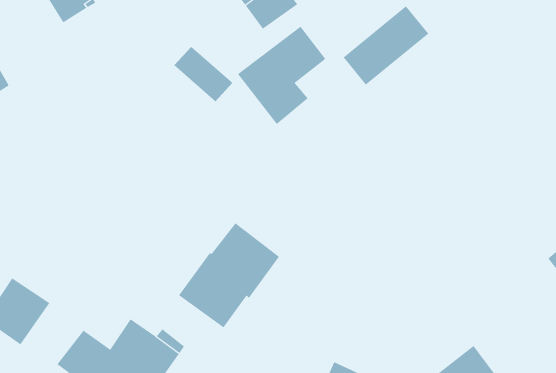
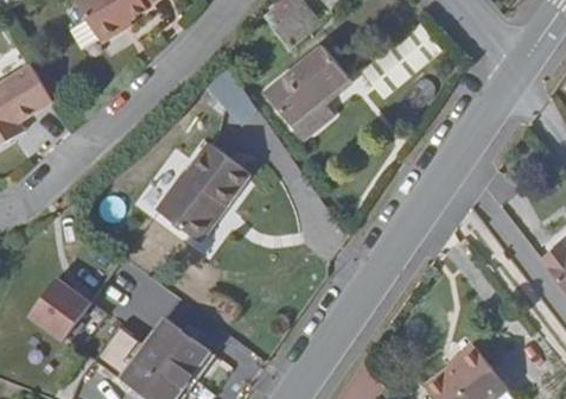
building: [178,223,280,328] -> [155,141,250,240]

